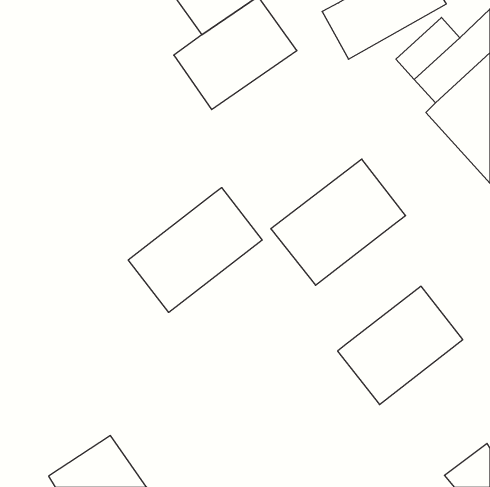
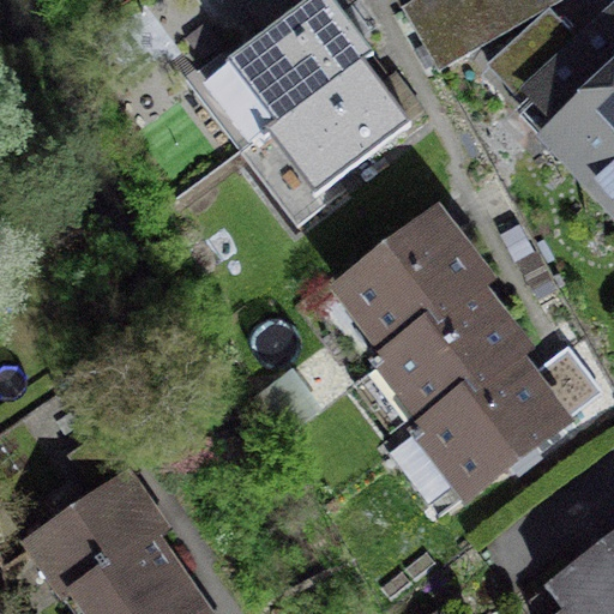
building: none -> [254,71,404,212]
building: [128,188,262,312] -> none
building: none -> [377,278,536,427]
building: none -> [24,472,154,589]

